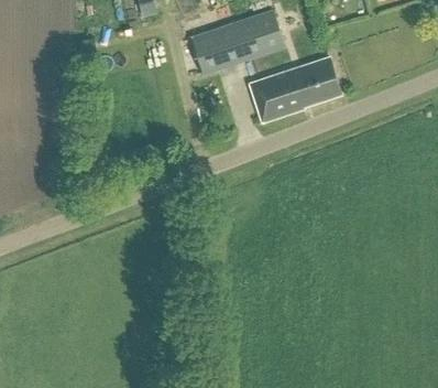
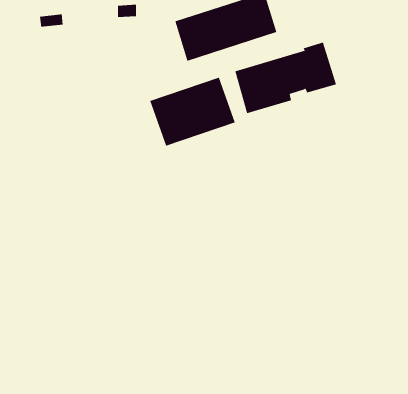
building: none -> [149,77,235,146]

